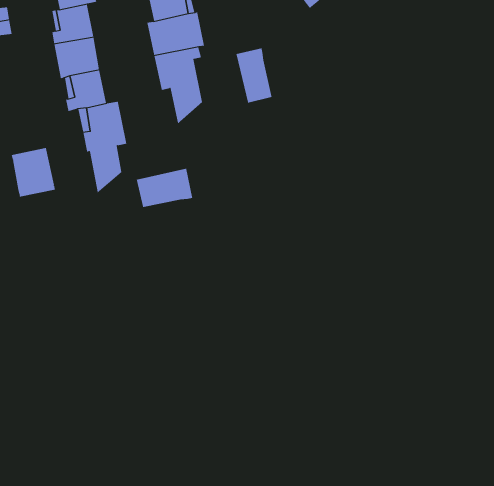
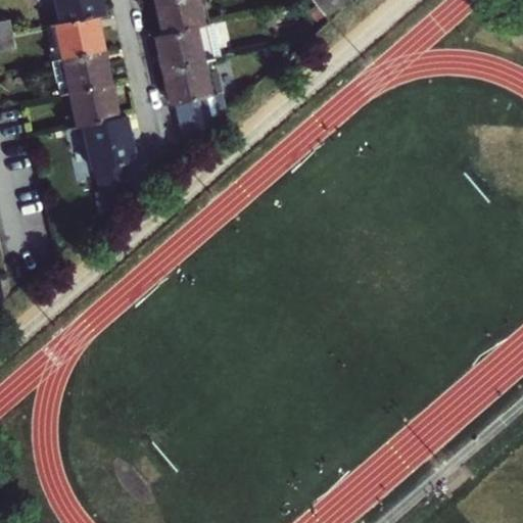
building: [236,48,272,104] -> none
building: [11,147,56,198] -> none
building: [136,168,193,208] -> none

